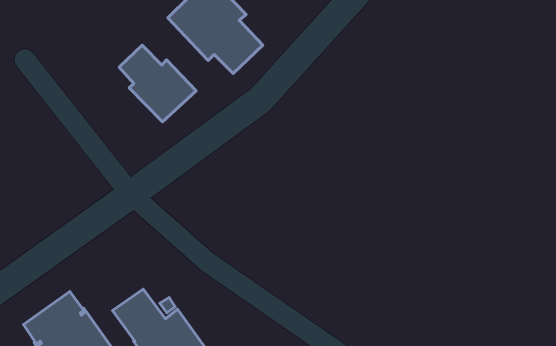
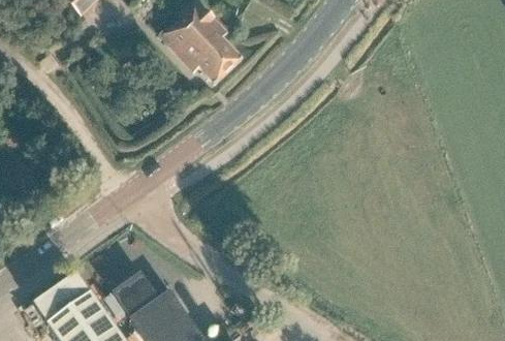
building: [119,45,196,122] -> none

